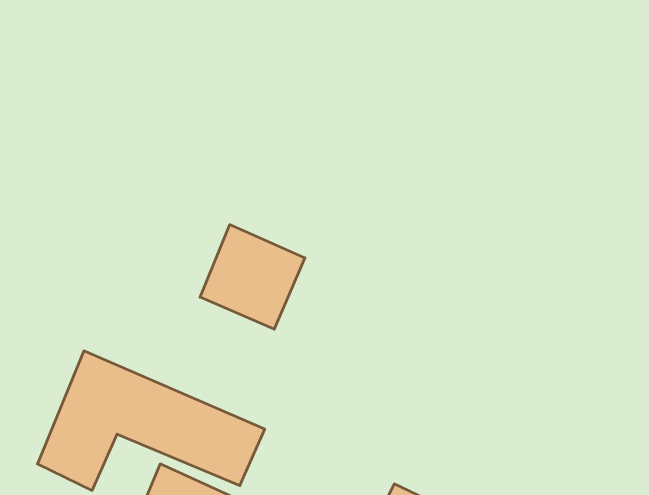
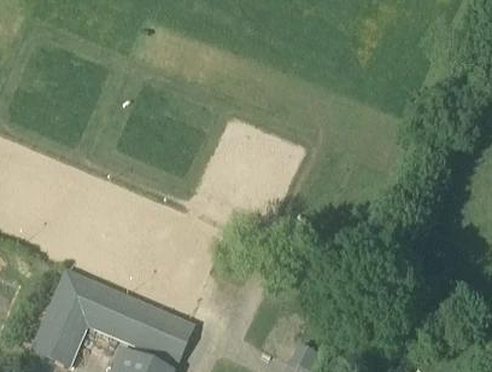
building: [200,225,305,329] -> none

